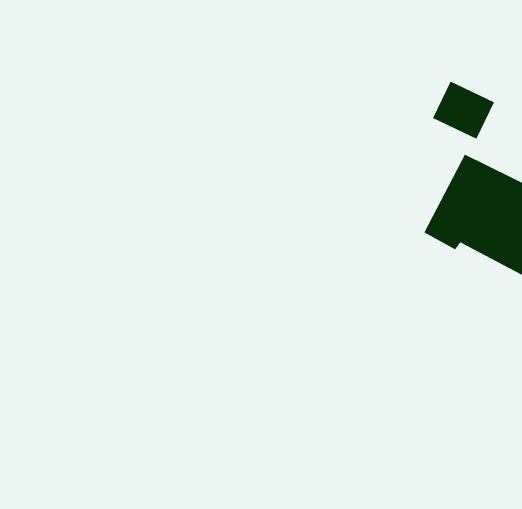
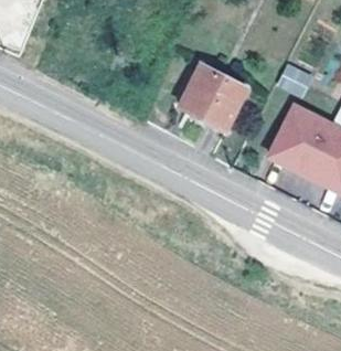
building: none -> [180,63,246,127]

